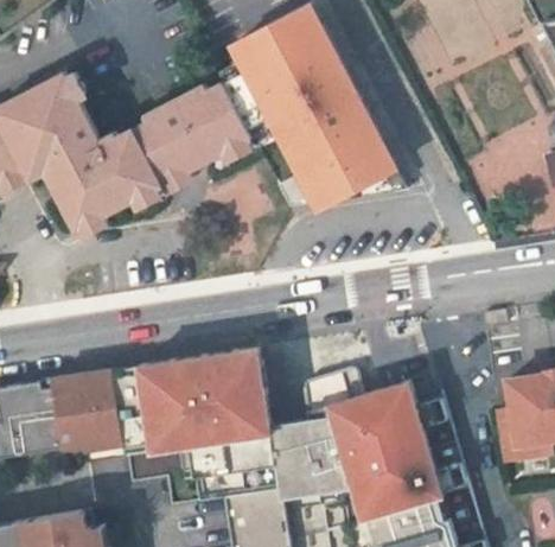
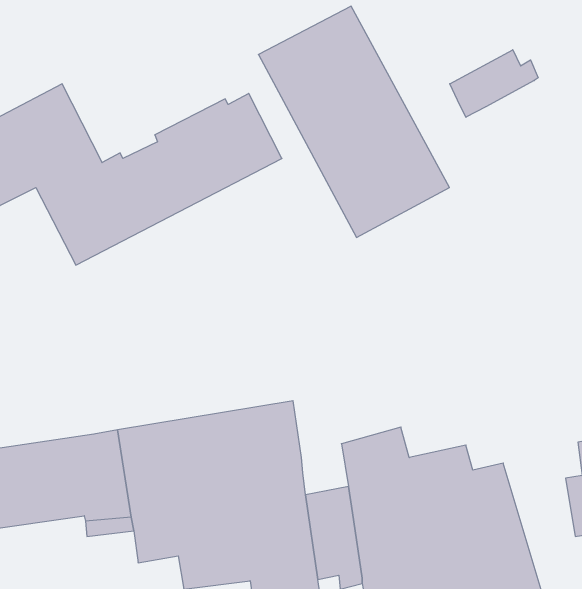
building: none -> [450,50,538,117]

